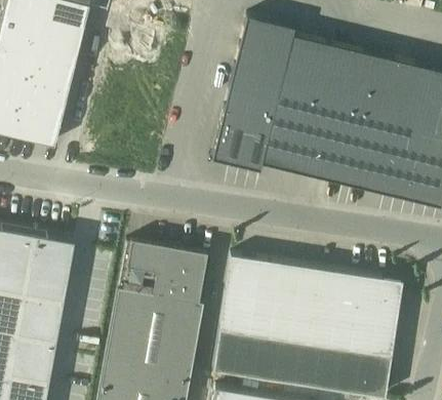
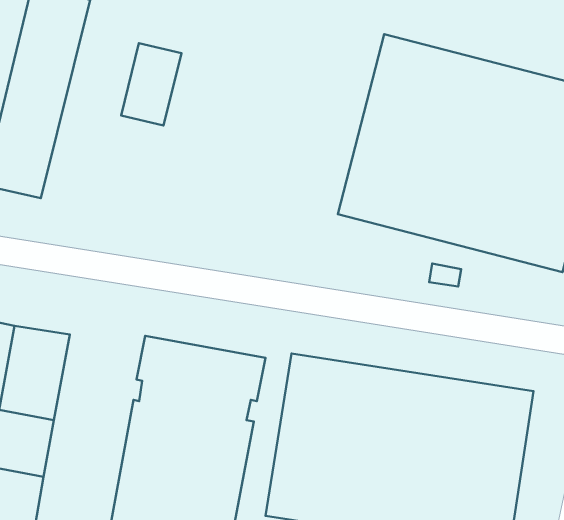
building: [212,16,296,171] -> none
building: none -> [121,43,181,125]

